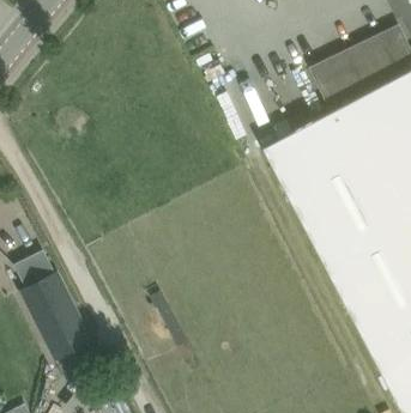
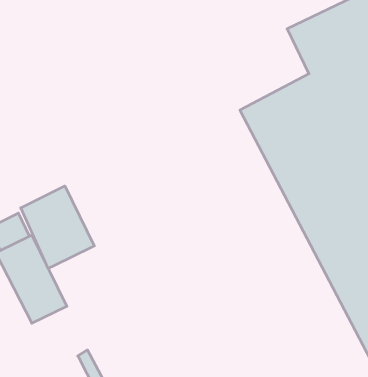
building: none -> [21,186,94,268]

